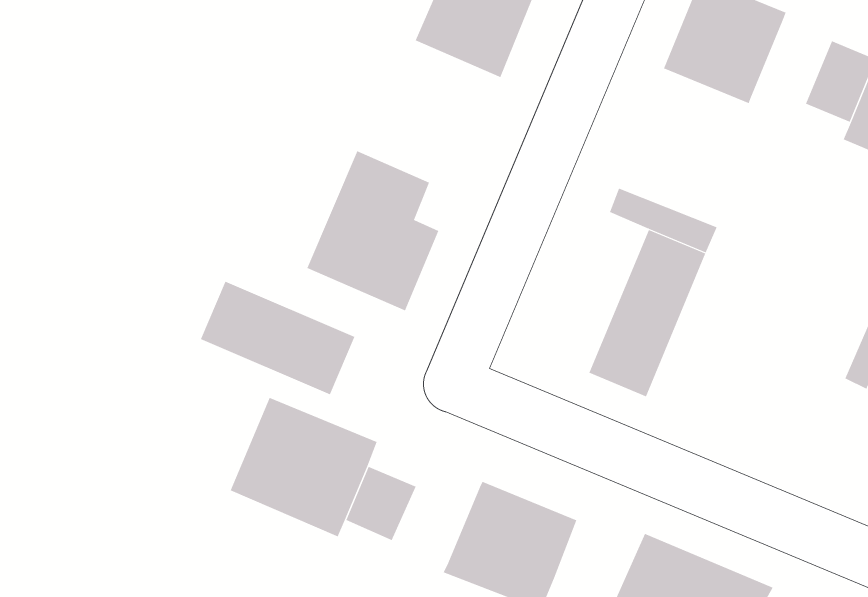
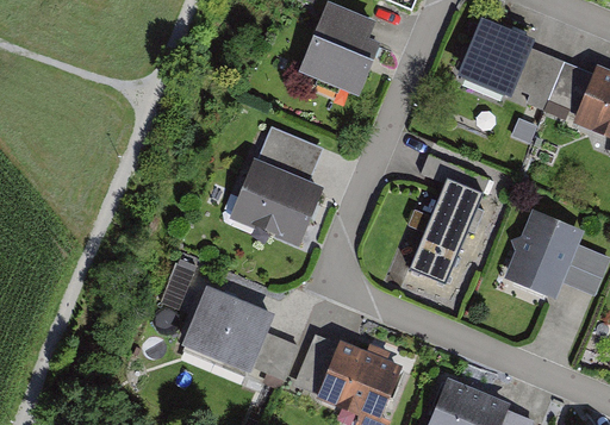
building: none -> [513,50,565,112]
building: none -> [506,205,575,286]
building: [200,281,355,395] -> none
building: none -> [294,336,341,396]

